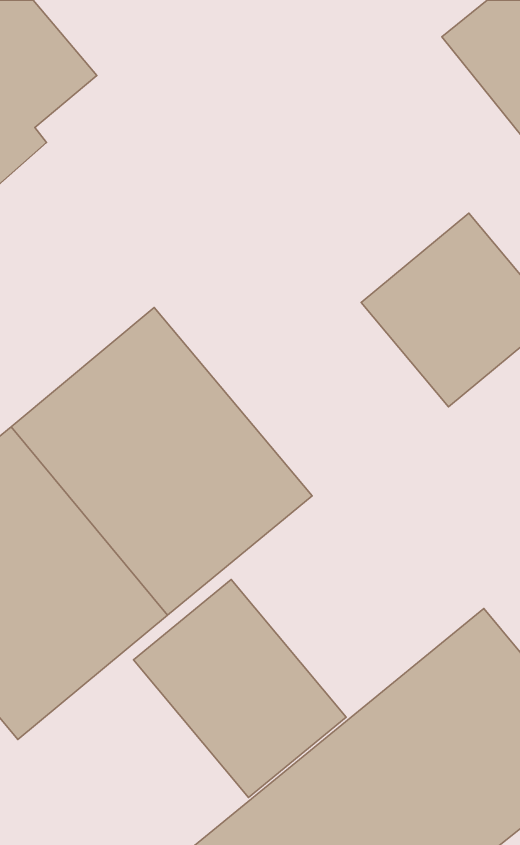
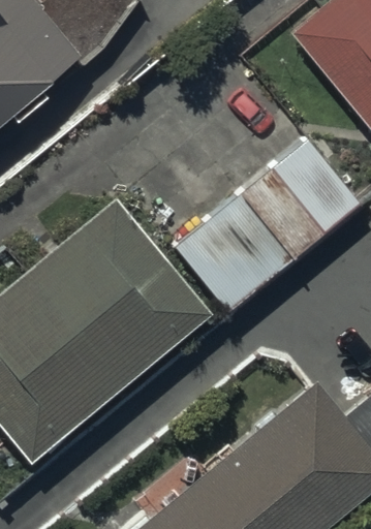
building: none -> [175,194,296,313]
building: [133,579,346,797] -> none

